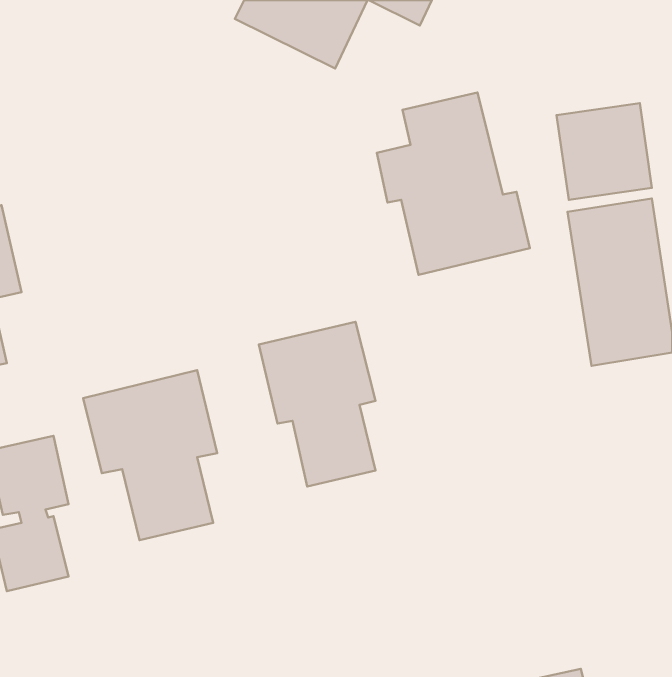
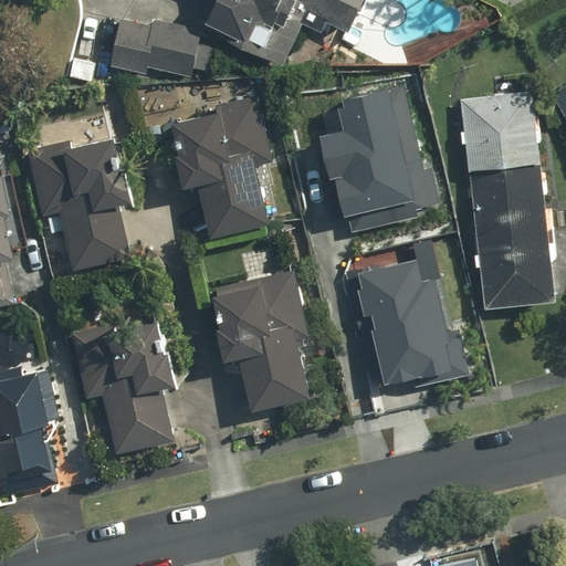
building: none -> [103,17,197,75]
building: none -> [171,96,269,237]
building: none -> [24,136,132,271]
building: none -> [345,261,465,388]

